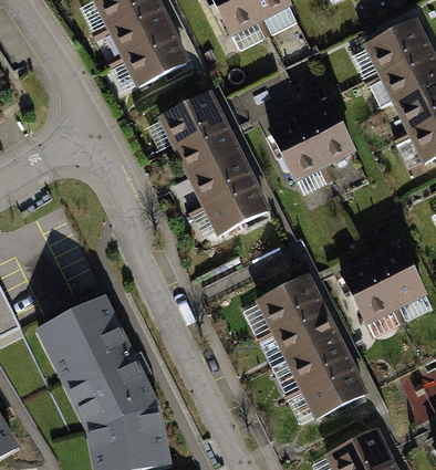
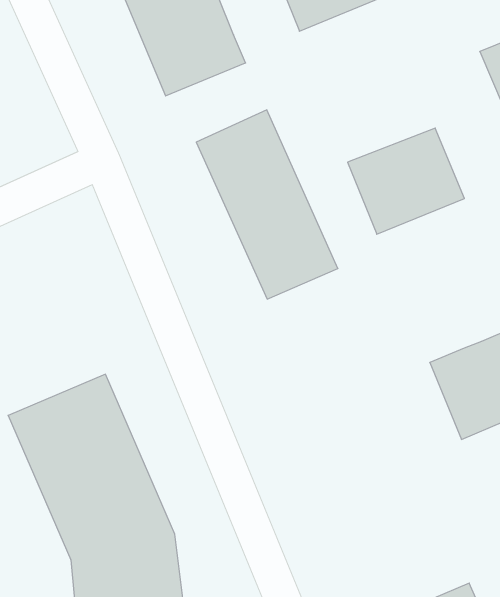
building: [255,274,368,419] -> none

